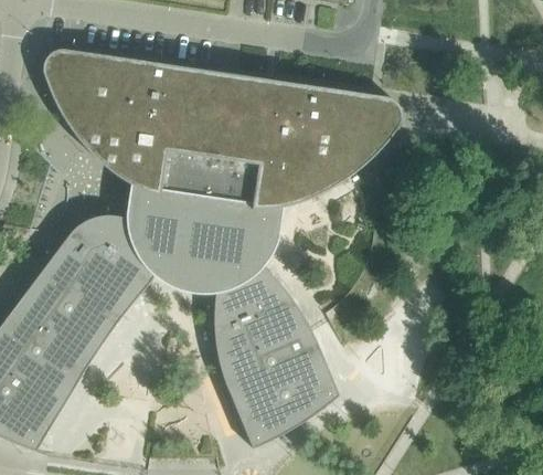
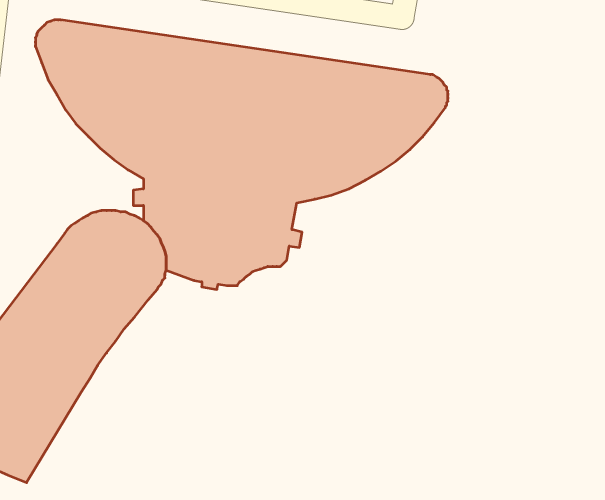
building: [214,263,339,447] -> none

